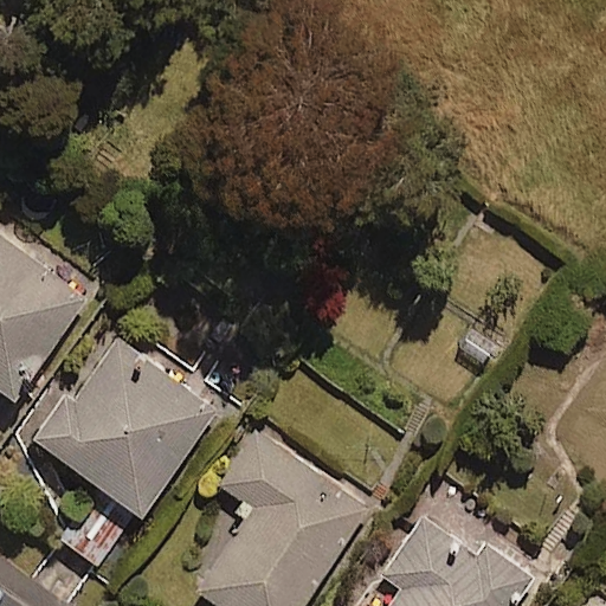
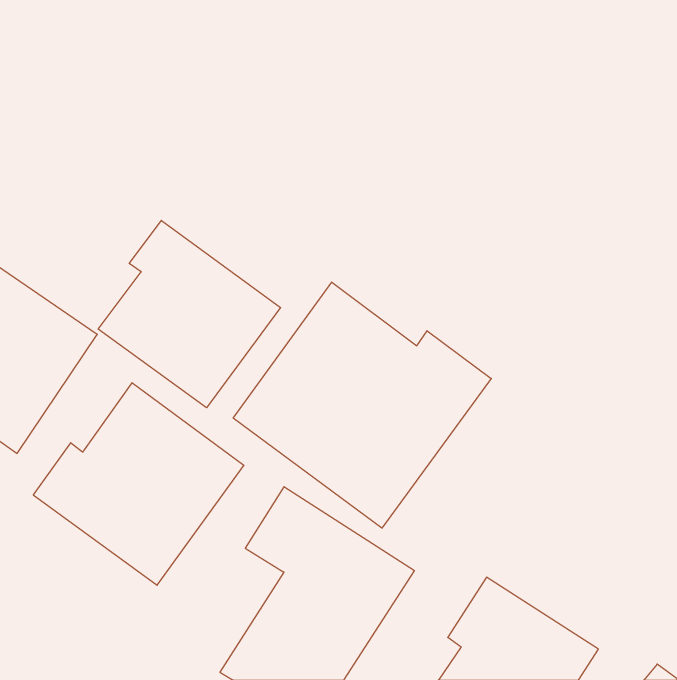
building: none -> [98,220,281,408]
building: none -> [233,282,491,528]

